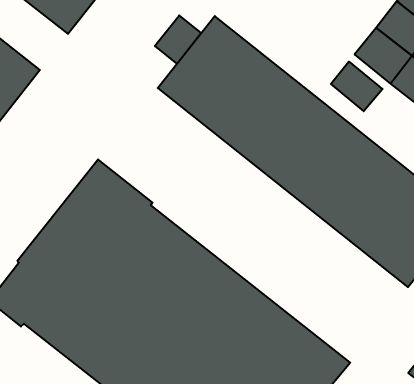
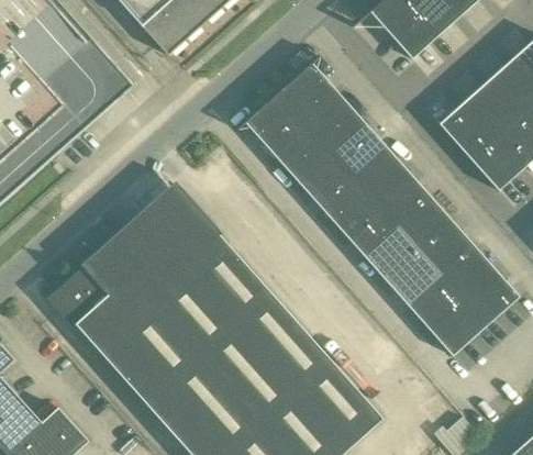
building: [155,15,201,64] -> none
building: [331,62,383,111] -> none

